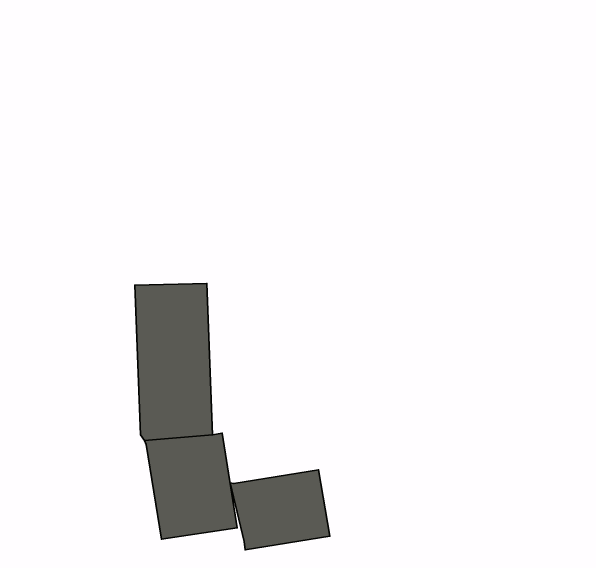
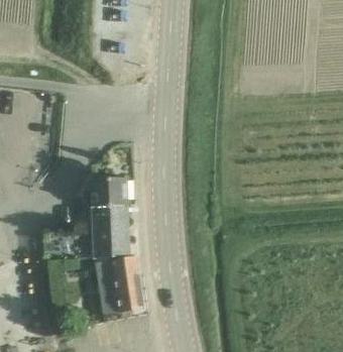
building: [230,470,330,550] -> none

